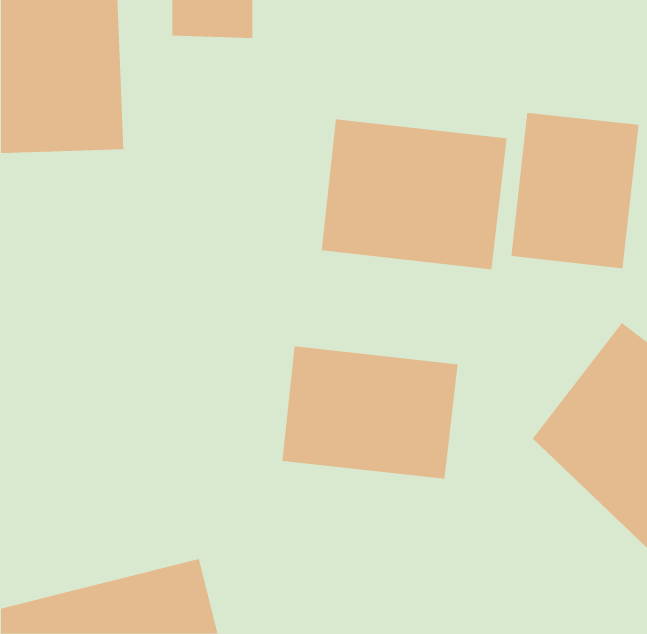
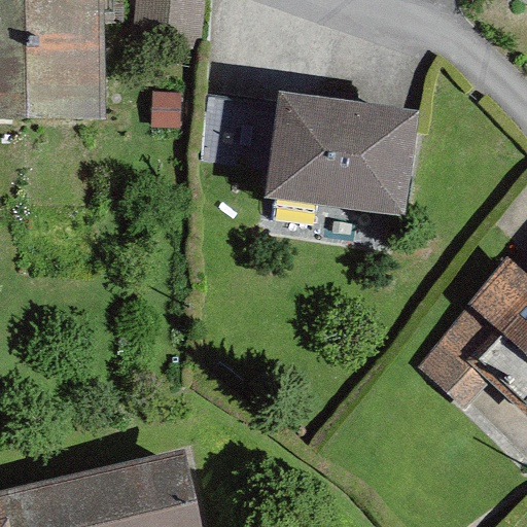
building: [511,112,639,269] -> none
building: [282,346,458,479] -> none

